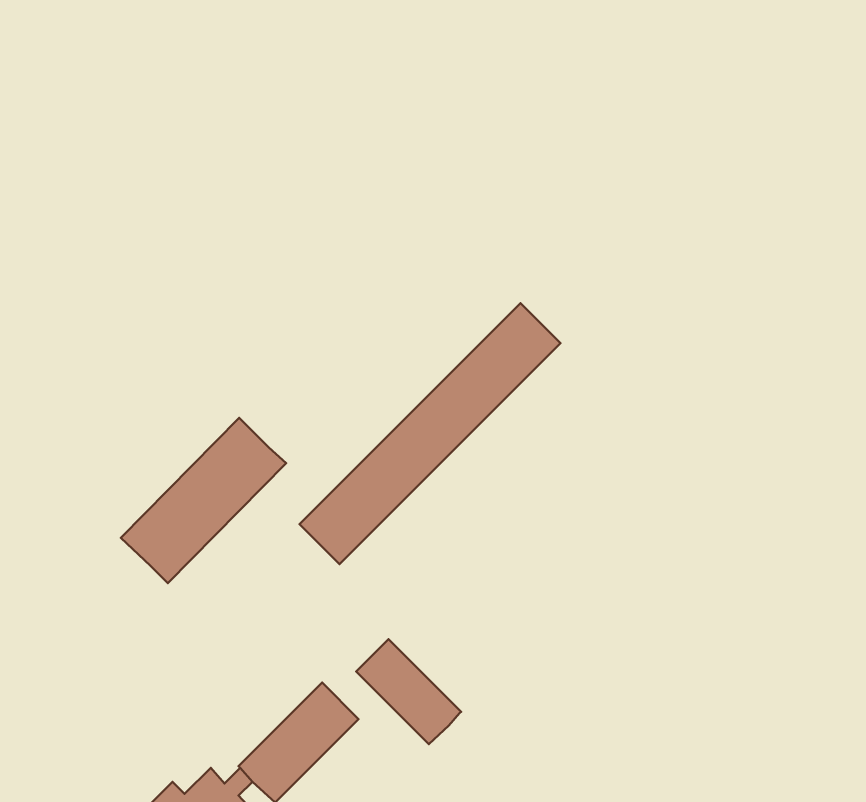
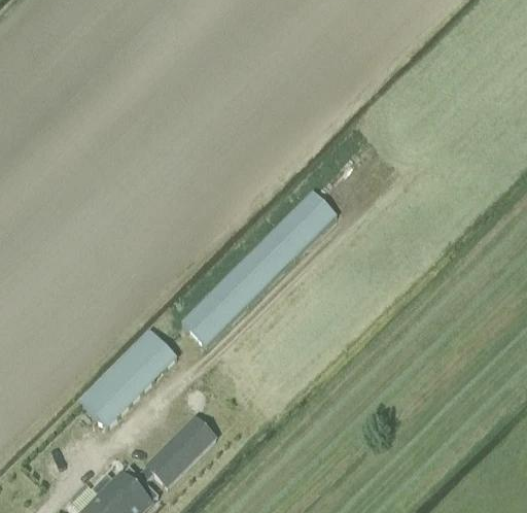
building: [121,418,286,583] -> [79,331,177,429]
building: [356,639,461,744] -> none

